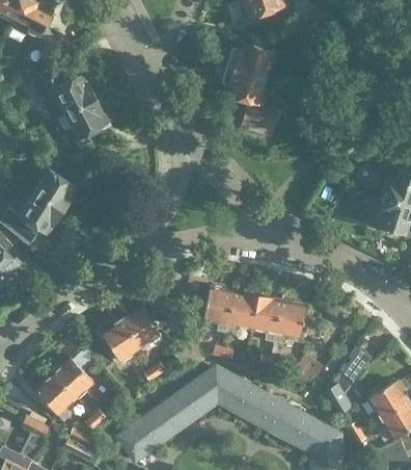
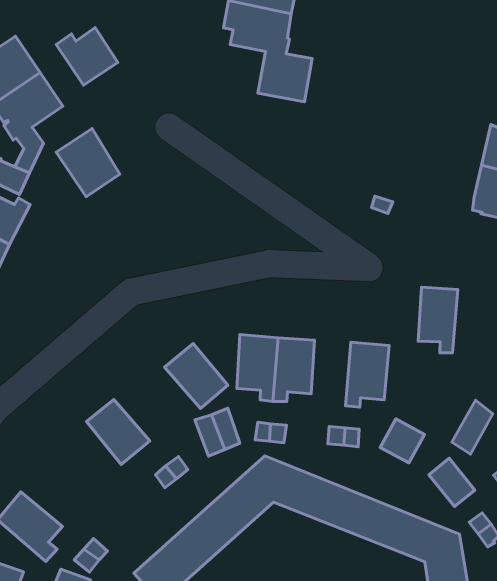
building: none -> [56,28,118,85]
building: none -> [56,129,120,197]
building: [252,295,282,341] -> [418,287,458,353]
building: [121,306,162,349] -> [164,343,228,409]
building: [53,357,95,399] -> none

